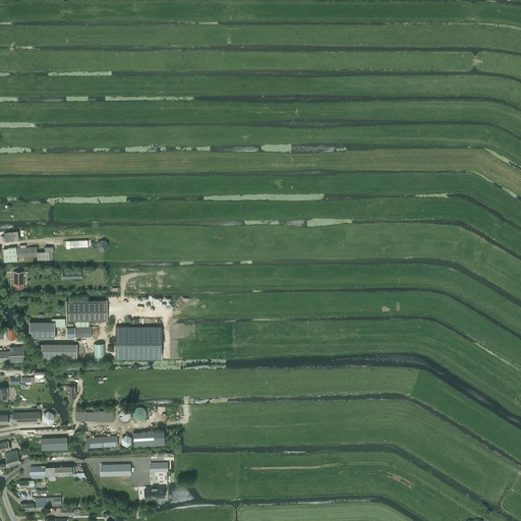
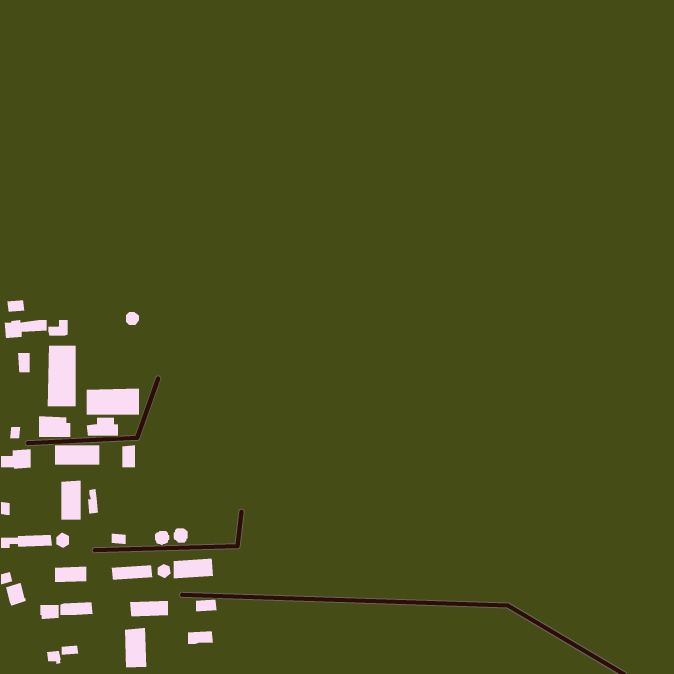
building: none -> [47,345,77,407]
building: [116,326,161,358] -> none
building: none -> [61,480,81,520]
building: none -> [124,627,147,668]

